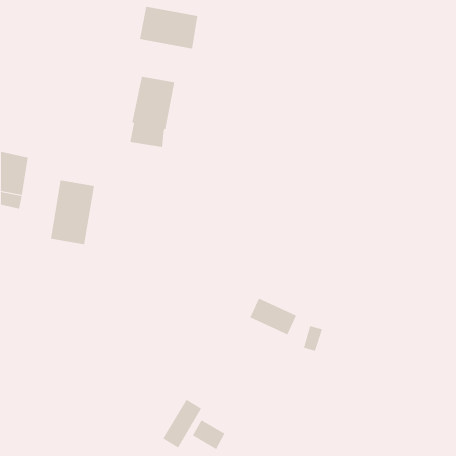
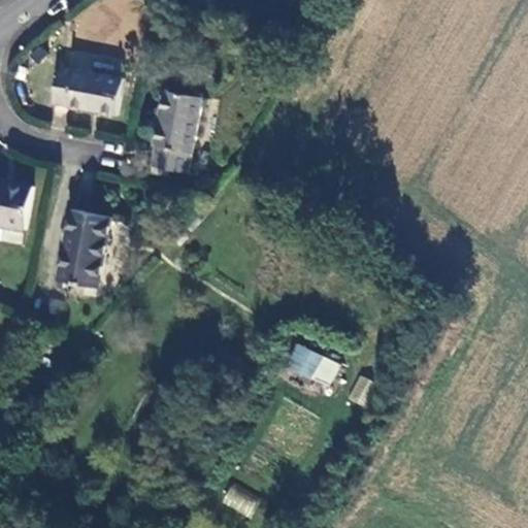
building: [139,6,198,49] -> [56,63,124,112]
building: [163,399,202,448] -> none

